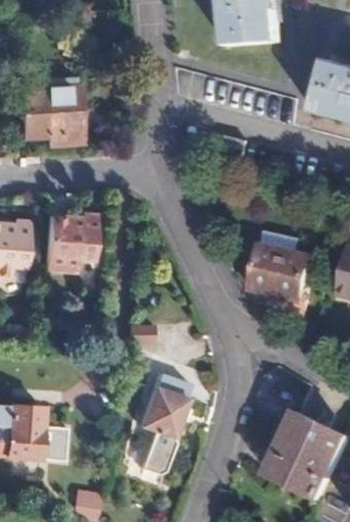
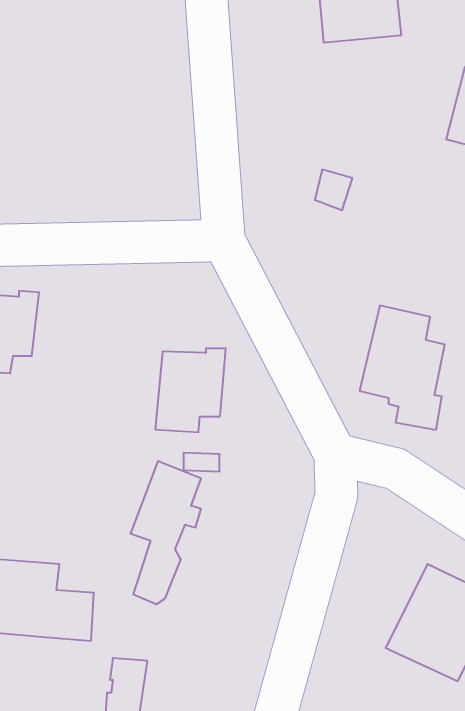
building: [18,77,84,145] -> none
building: [47,209,97,268] -> [155,349,226,432]
building: [140,374,190,475] -> [130,461,201,604]

